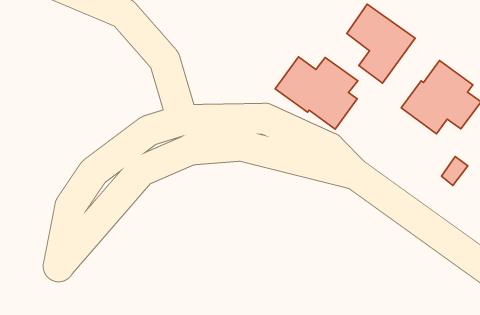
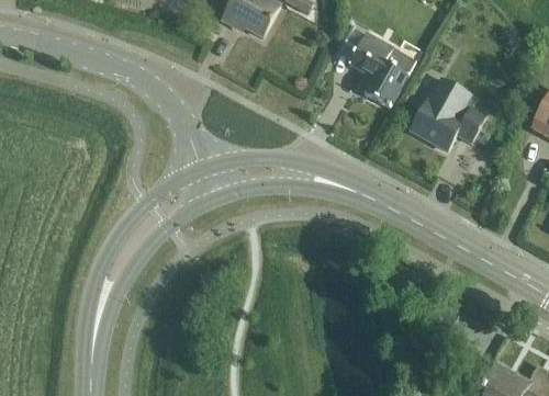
building: [275,57,358,129] -> none

